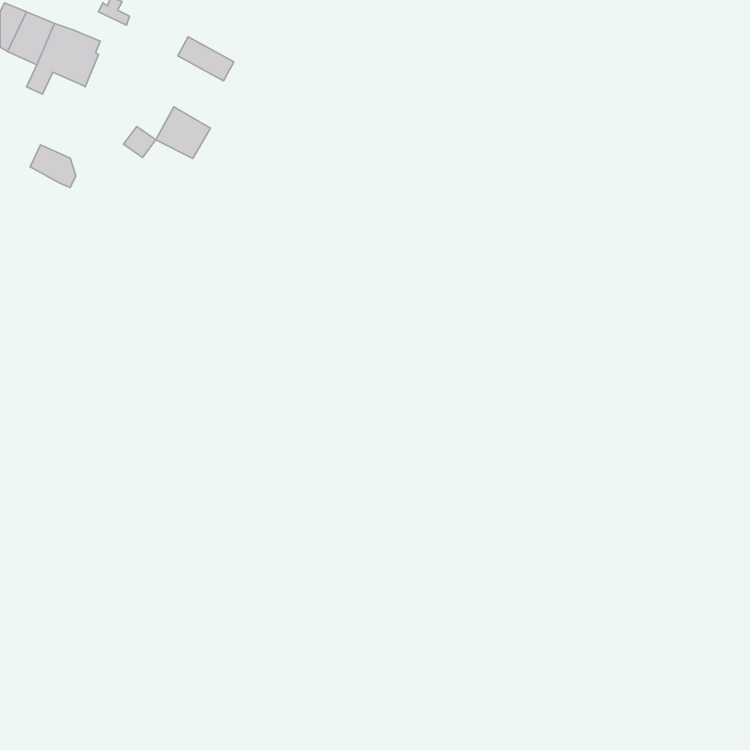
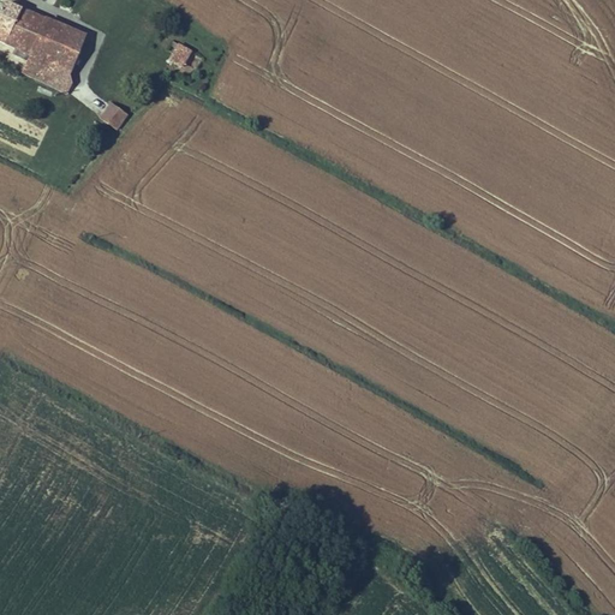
building: [156,107,210,158] -> none
building: [30,145,76,188] -> [36,59,73,94]

